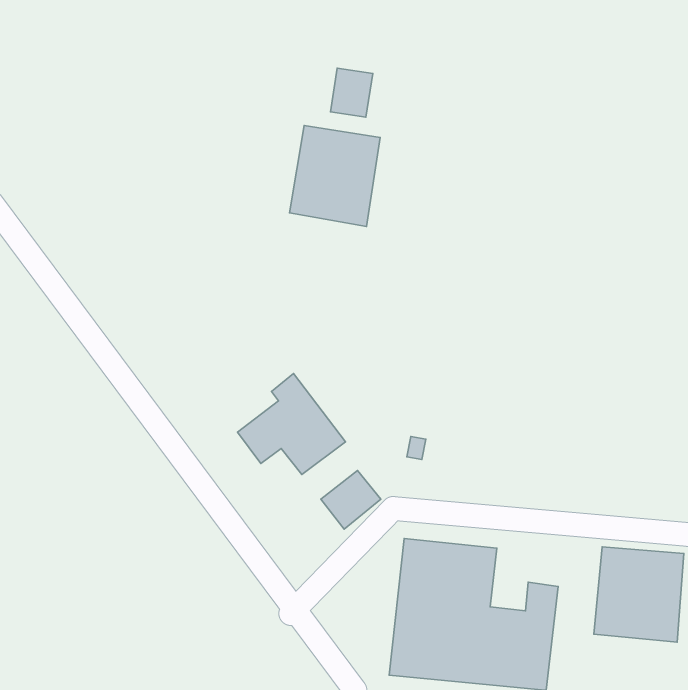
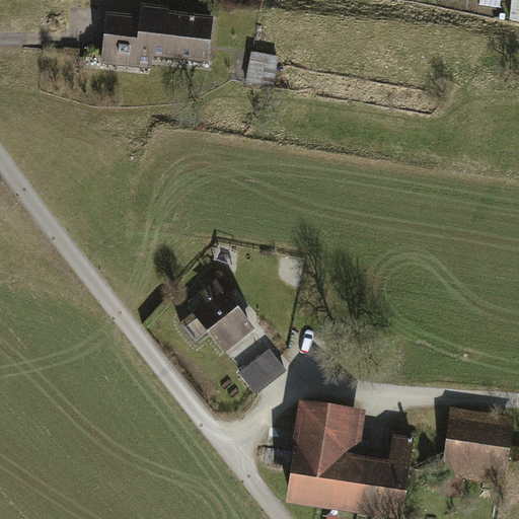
building: none -> [101,5,210,67]
building: [290,126,380,227] -> none

